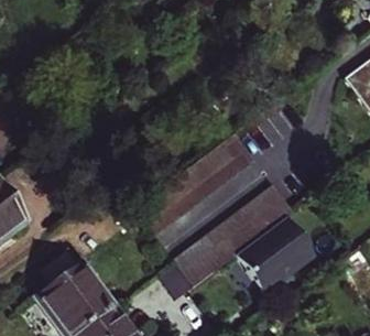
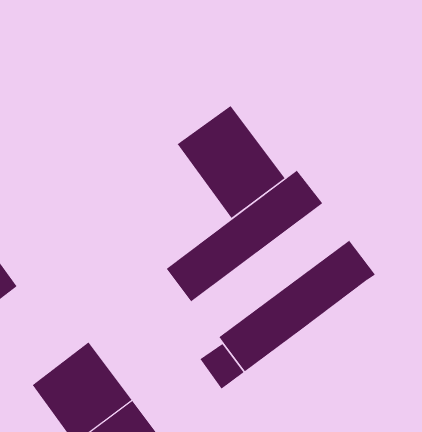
building: none -> [177,105,285,219]
building: [241,215,319,290] -> none

